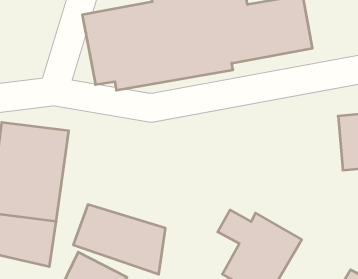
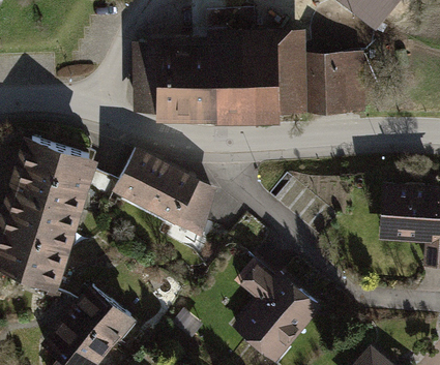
building: [73,205,165,274] -> [116,153,214,237]

